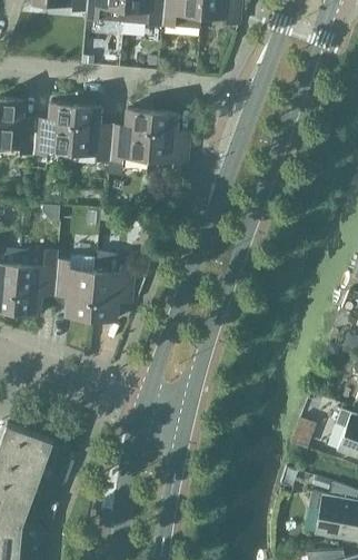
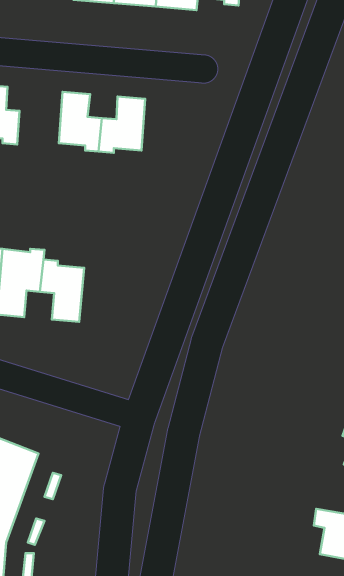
building: [32,102,74,155] -> none
building: [148,111,188,167] -> none
building: [90,265,133,321] -> none

